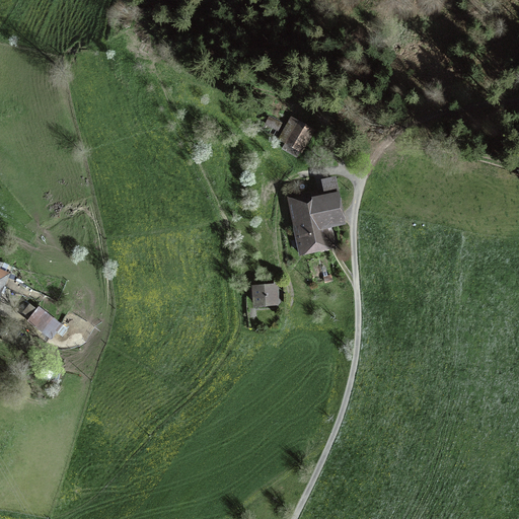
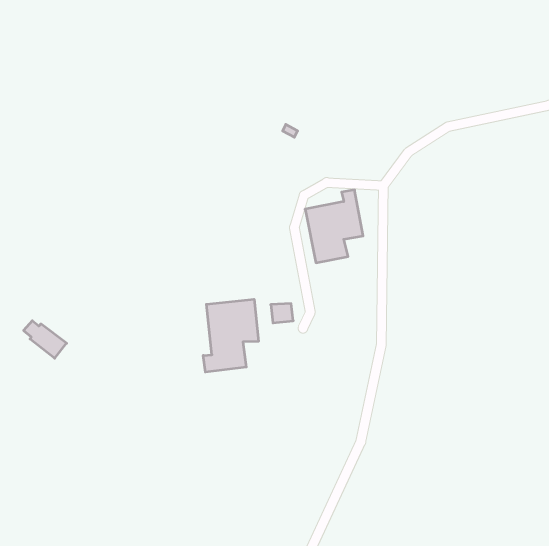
building: [282,120,314,157] -> none
building: none -> [203,299,258,372]

